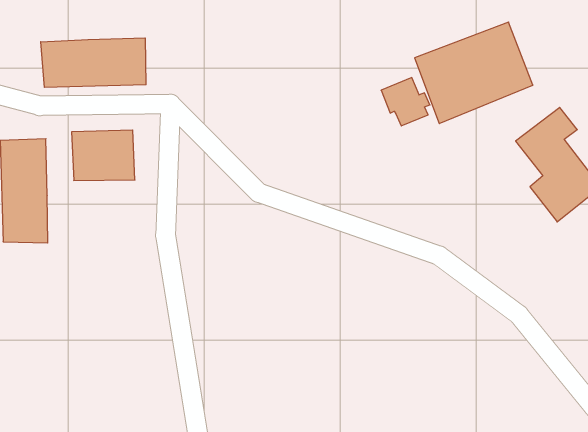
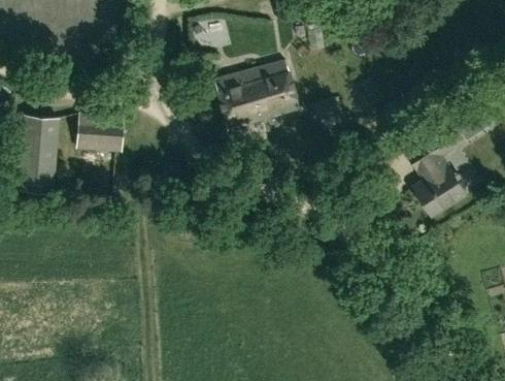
building: [415,22,533,124] -> [214,58,300,128]
building: [41,38,146,87] -> none

